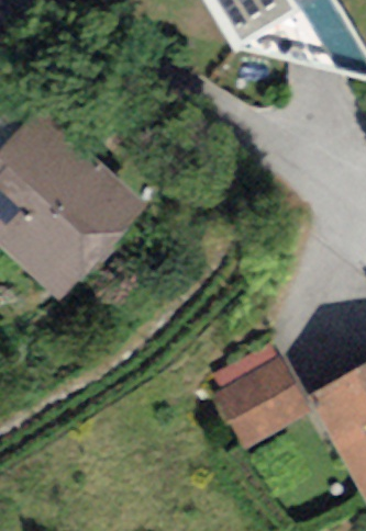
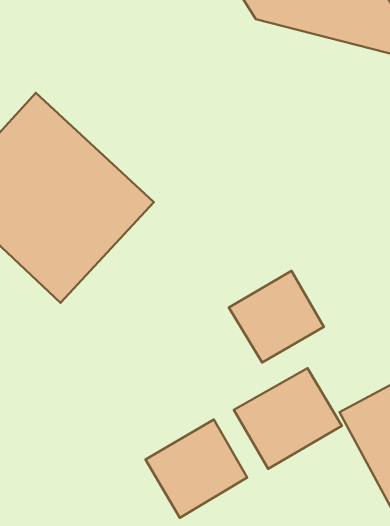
building: none -> [229,271,324,362]
building: none -> [146,420,247,518]

